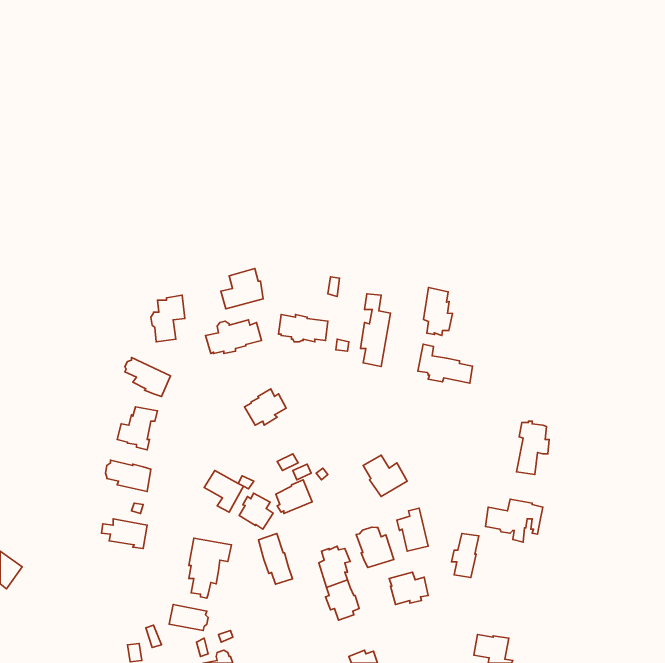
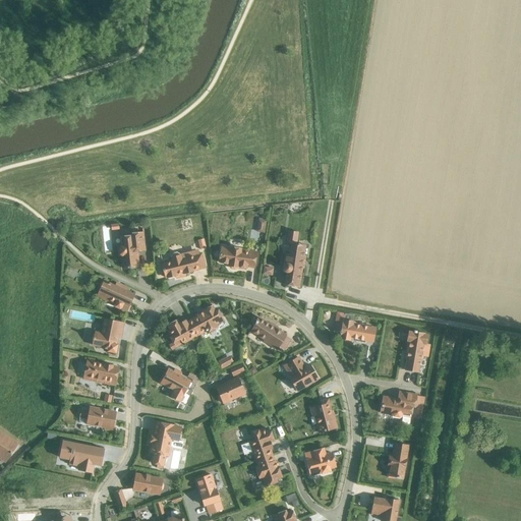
building: [221,268,263,309] -> none
building: [423,288,452,336] -> none
building: [418,344,473,383] -> [332,310,374,341]
building: none -> [250,316,285,348]
building: none -> [167,319,199,343]
building: [239,493,273,529] -> none
building: [356,527,394,567] -> none
building: [259,533,292,584] -> [195,473,222,513]
building: [451,533,479,578] -> [387,443,408,477]
building: none -> [59,441,104,472]

